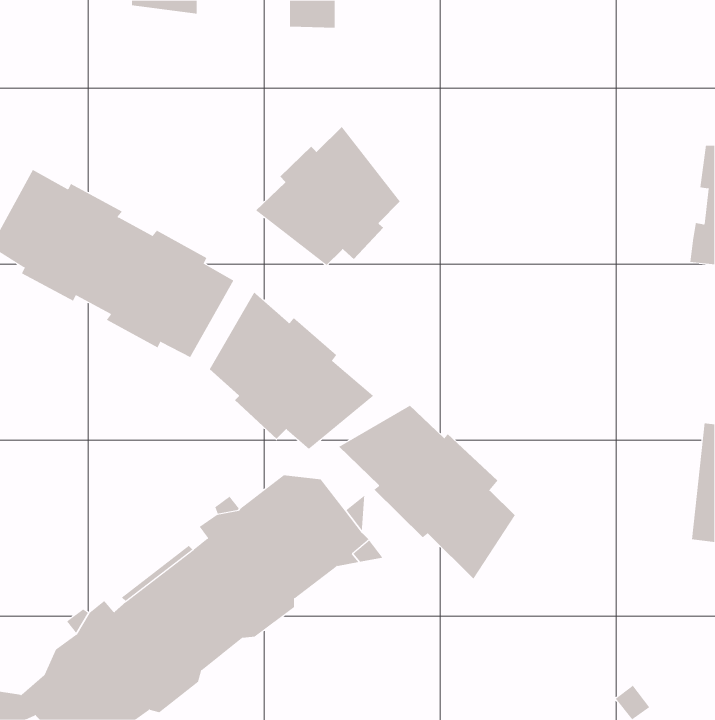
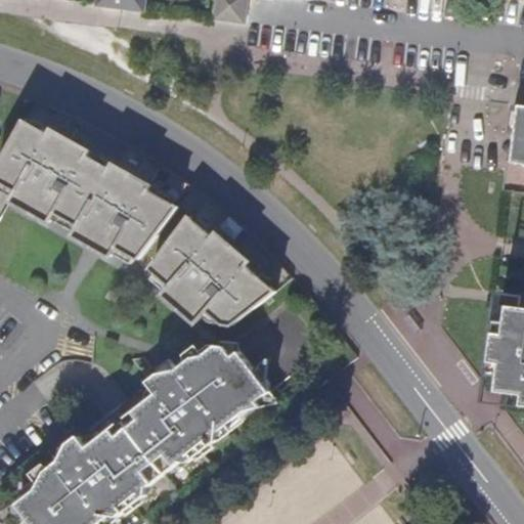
building: [255,126,400,266] -> none
building: [338,405,516,579] -> none

